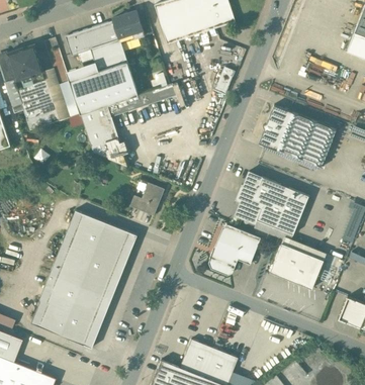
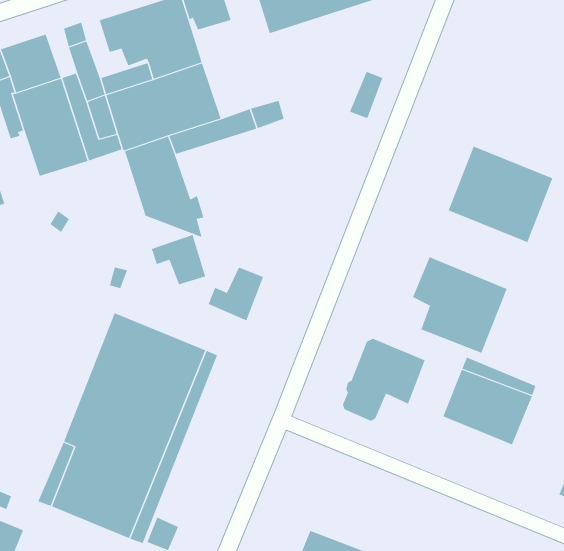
building: [258,105,288,150] -> none
building: none -> [151,234,206,285]
building: [235,172,262,220] -> none

